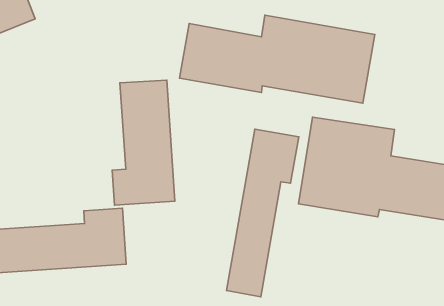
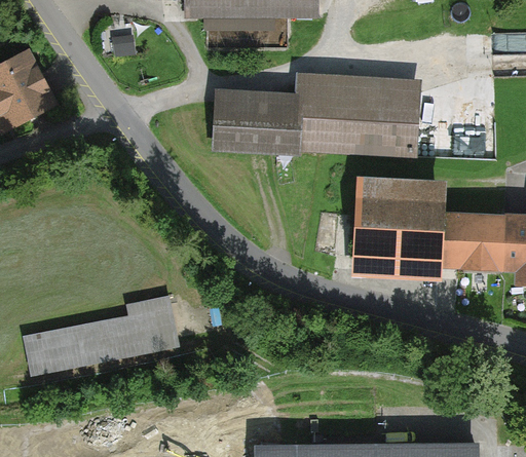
building: [112,80,175,205] -> none
building: [227,129,299,297] -> none

